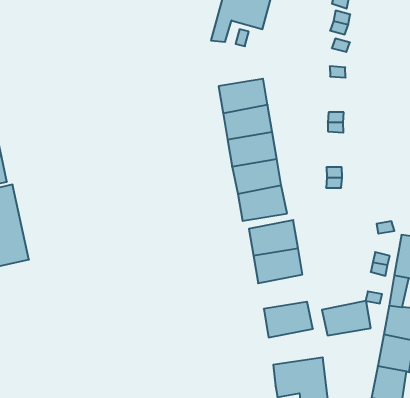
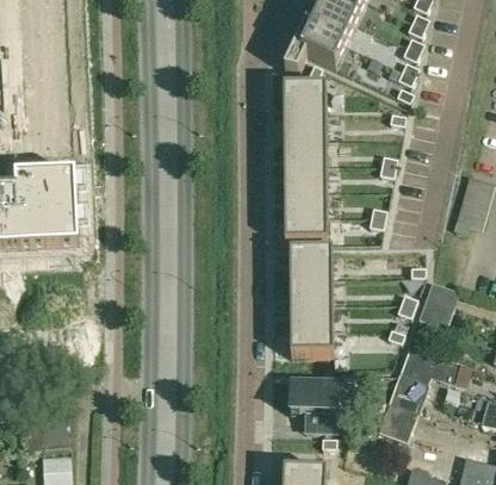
building: none -> [284,88,327,116]
building: [322,301,371,335] -> [290,305,333,331]

